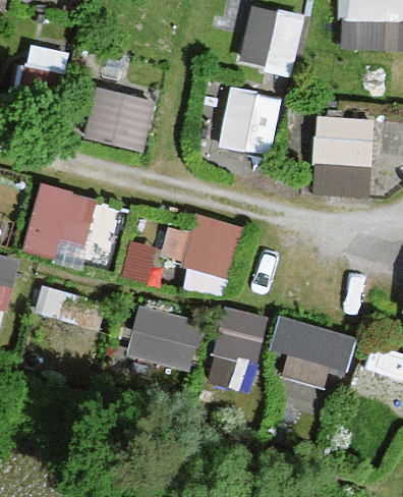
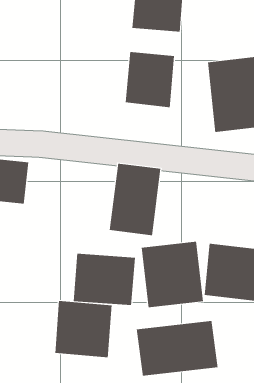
building: [83,82,159,155] -> none
building: none -> [55,300,112,358]
building: none -> [136,320,218,376]

